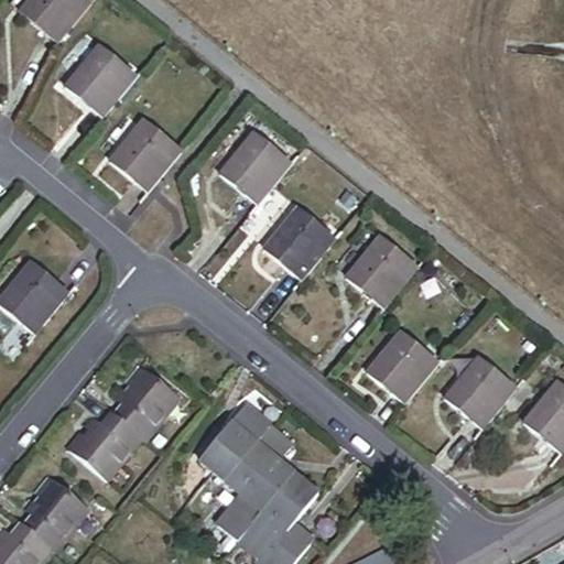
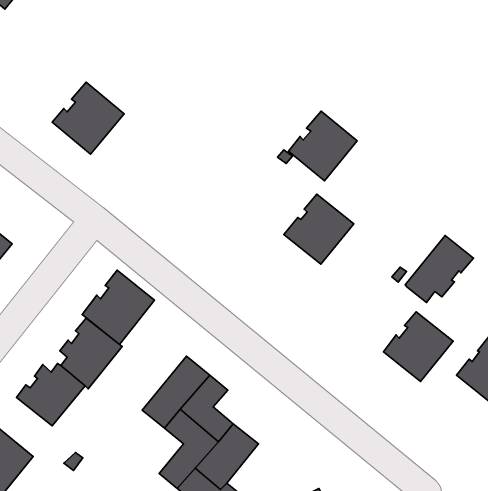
building: [63,43,137,118] -> none
building: [216,128,290,202] -> none
building: [264,205,336,278] -> [288,111,357,181]
building: none -> [405,235,473,302]
building: none -> [82,270,155,344]
building: [368,329,442,403] -> none

